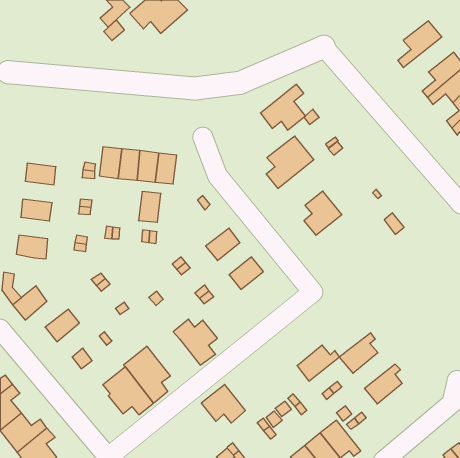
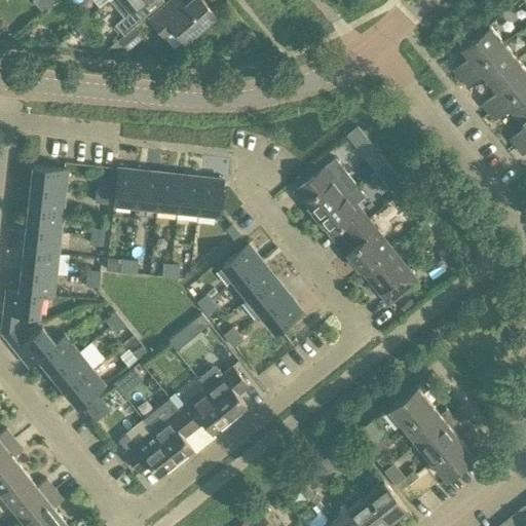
building: none -> [460,45,518,87]
building: [260,84,306,130] -> [317,185,369,237]
building: none -> [32,167,67,193]
building: none -> [27,210,63,234]
building: [138,192,161,222] -> [198,180,224,215]
building: none -> [222,246,262,284]
building: none -> [361,248,418,307]
building: none -> [23,251,58,275]
building: none -> [249,279,288,316]
building: none -> [5,292,40,317]
building: none -> [39,338,79,376]
building: none -> [66,371,105,409]
building: [297,345,339,381] -> [403,405,451,446]
building: none -> [430,440,480,482]
building: [201,384,245,423] -> [179,389,229,434]

